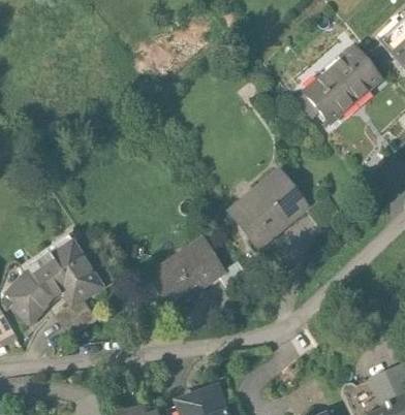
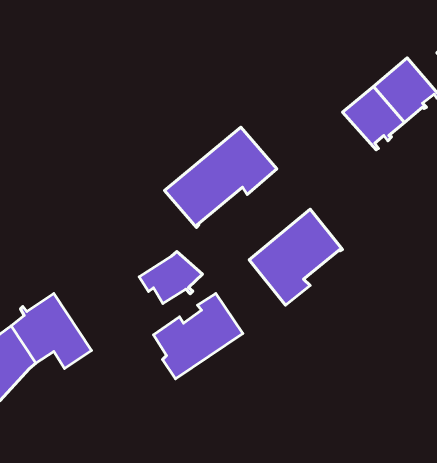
building: none -> [164,127,277,228]
building: none -> [139,251,203,304]

